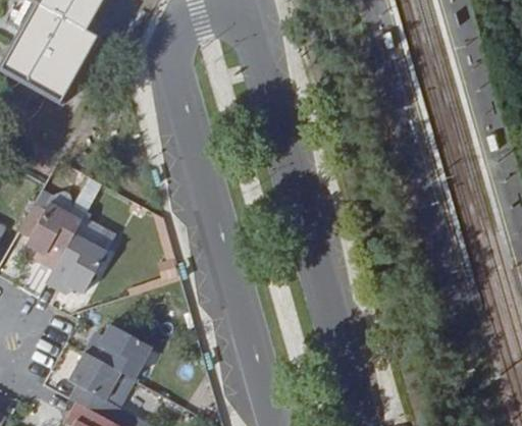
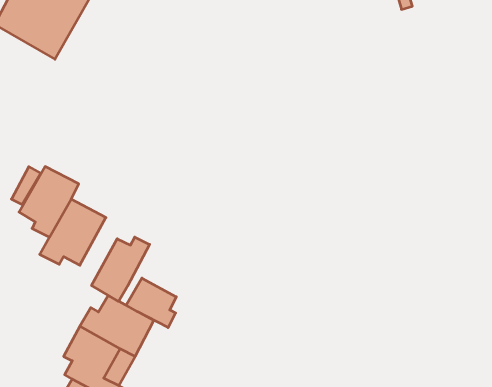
building: none -> [92,237,150,301]
building: none -> [126,278,176,328]

